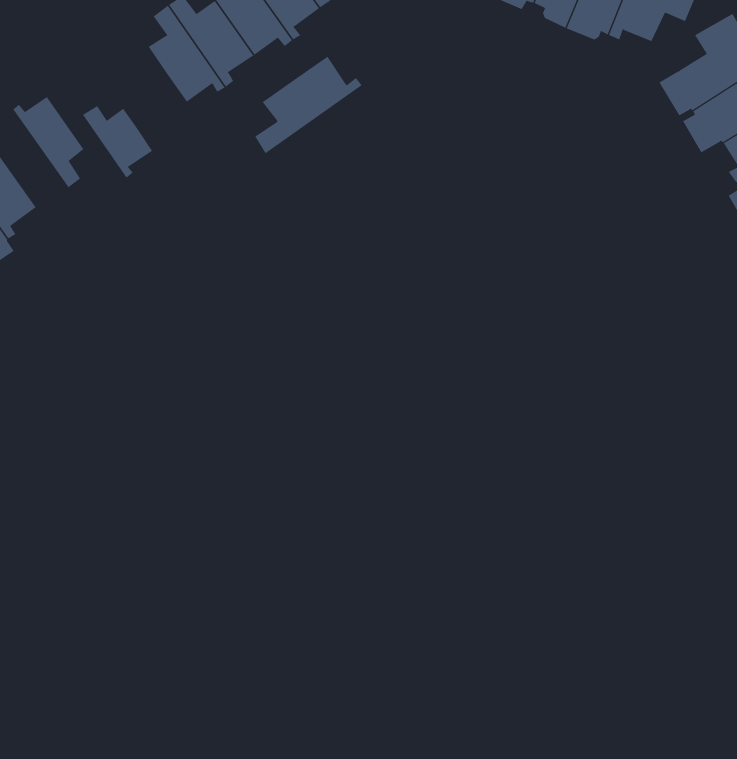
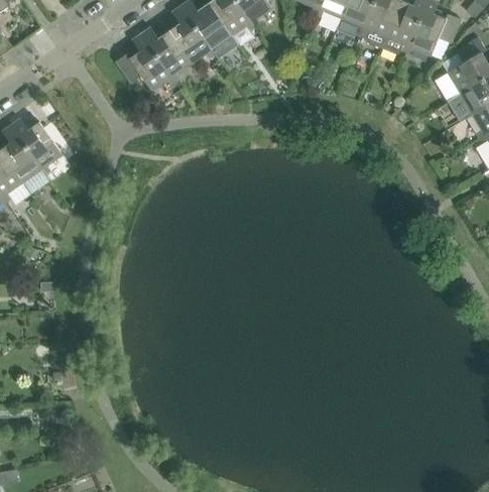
building: [254,56,363,154] -> none
building: [13,96,84,188] -> none
building: [82,105,153,179] -> none

